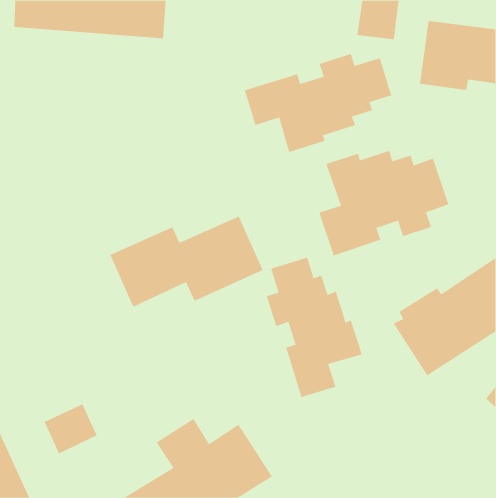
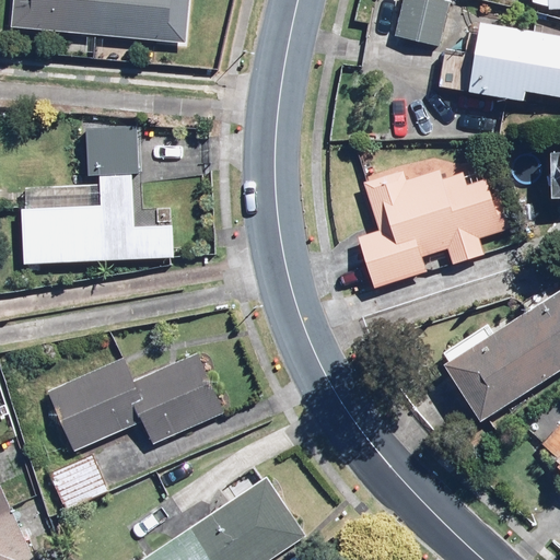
building: [244,53,392,153] -> none
building: none -> [22,124,173,261]
building: [110,216,263,307] -> [52,348,225,451]
building: [266,257,362,398] -> none

